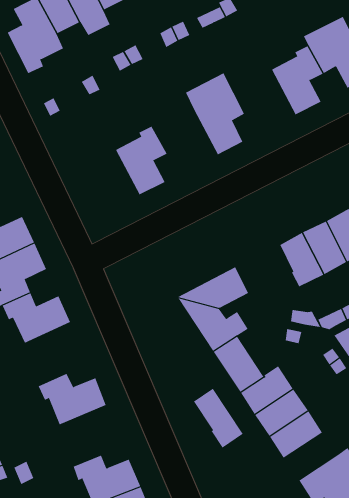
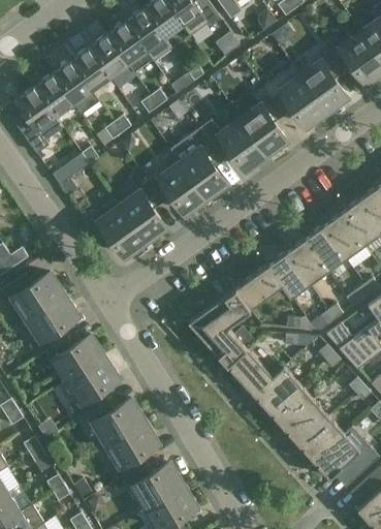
building: none -> [200,120,265,169]
building: none -> [147,163,205,213]
building: none -> [83,200,145,256]
building: none -> [234,266,283,310]
building: none -> [67,356,118,418]
building: [193,388,244,449] -> none
building: none -> [106,422,157,477]
building: none -> [298,417,344,461]

